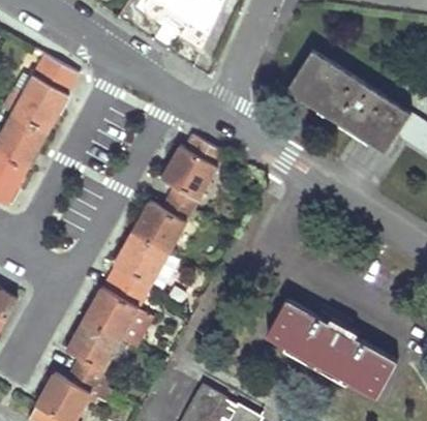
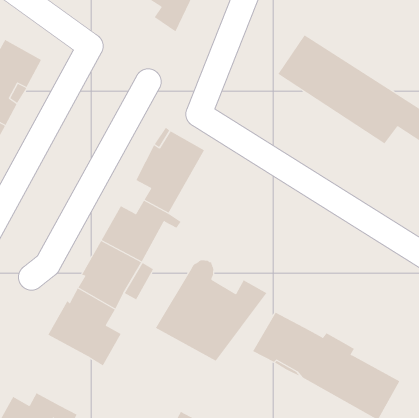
building: none -> [155,260,267,362]
building: [65,321,119,384] -> none

